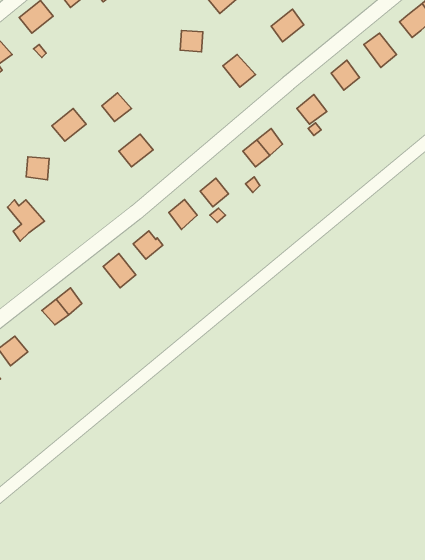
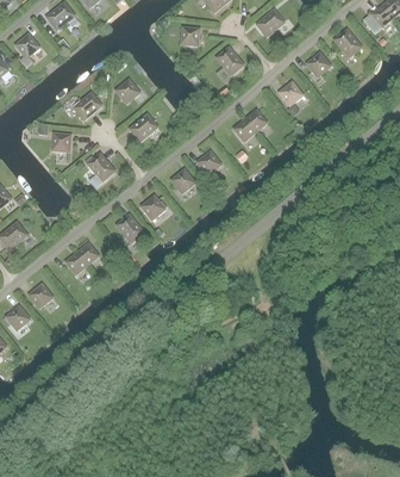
building: [7,200,44,241] -> [85,153,115,187]

